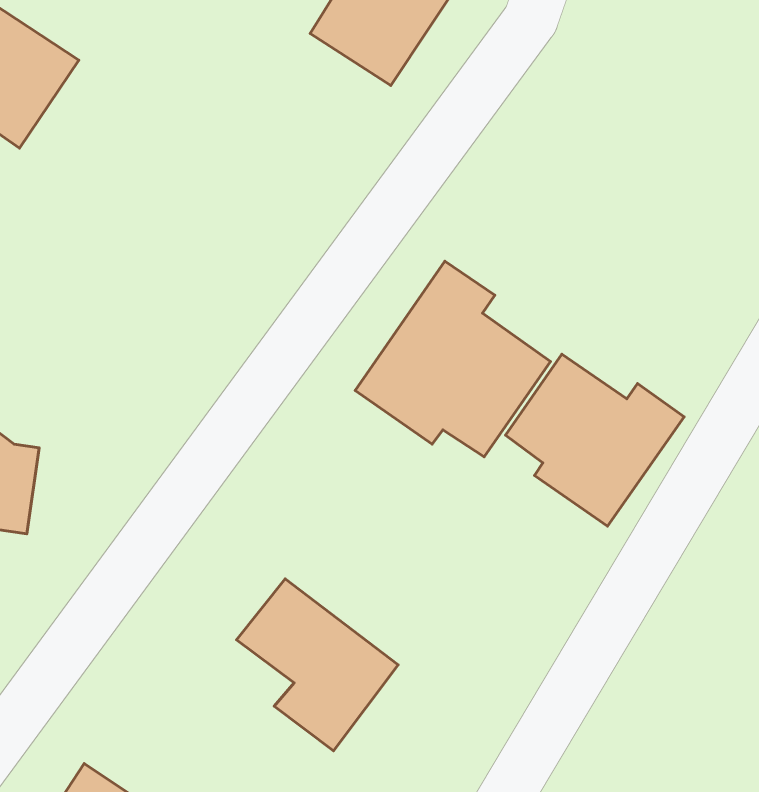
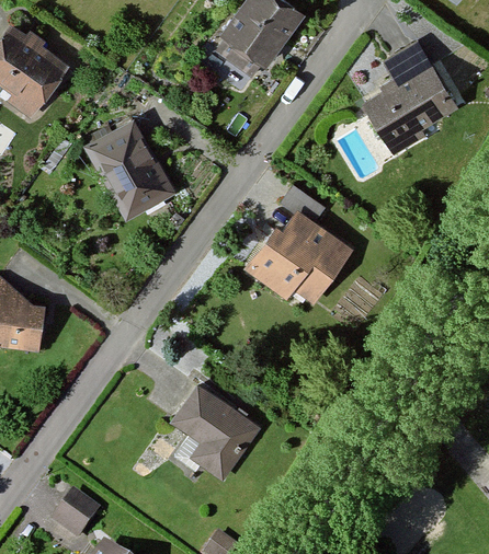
building: none -> [363,54,462,159]
building: none -> [82,114,175,222]
building: [505,354,684,526] -> none

